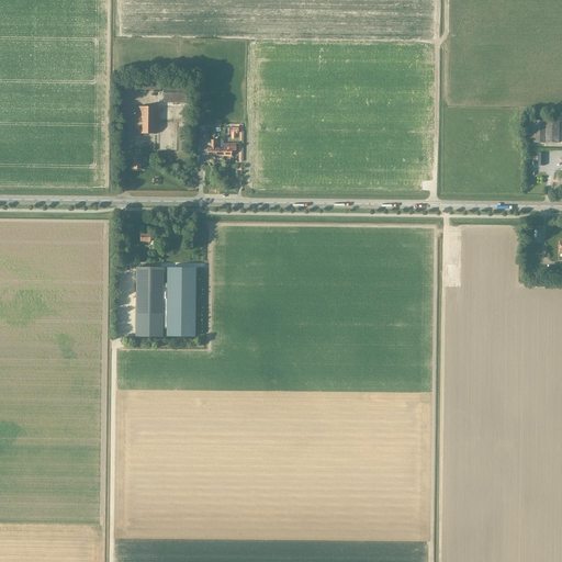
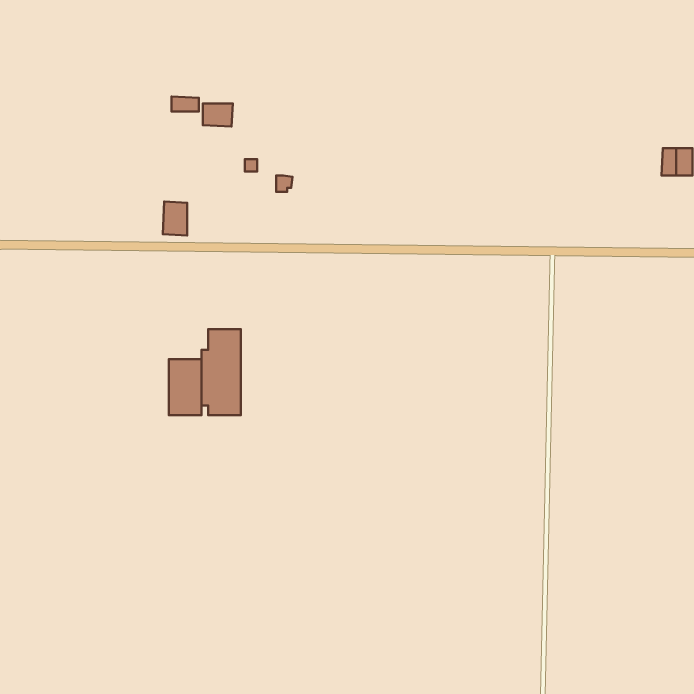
building: [138,105,158,133] -> [163,201,187,235]
building: [137,267,164,290] -> none

